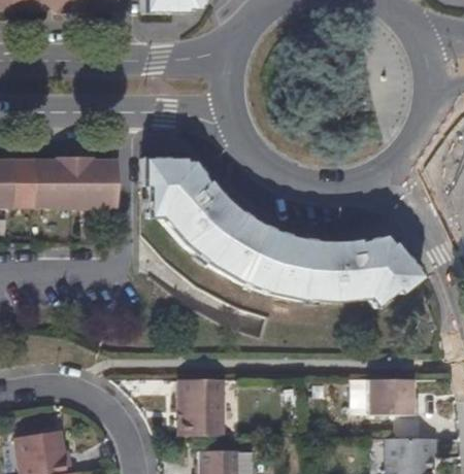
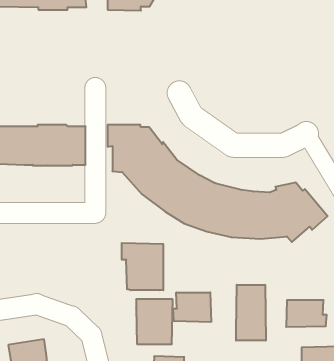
building: none -> [122,243,163,290]
building: none -> [236,285,266,341]
building: none -> [173,292,211,322]

